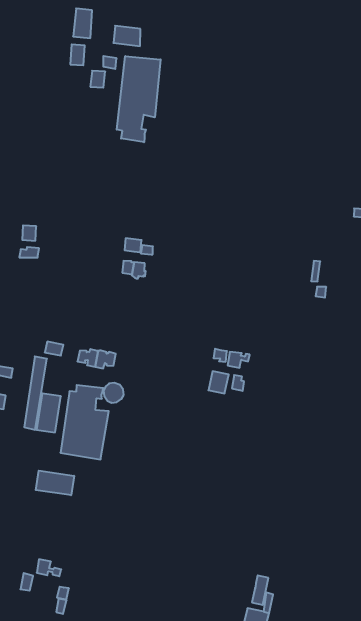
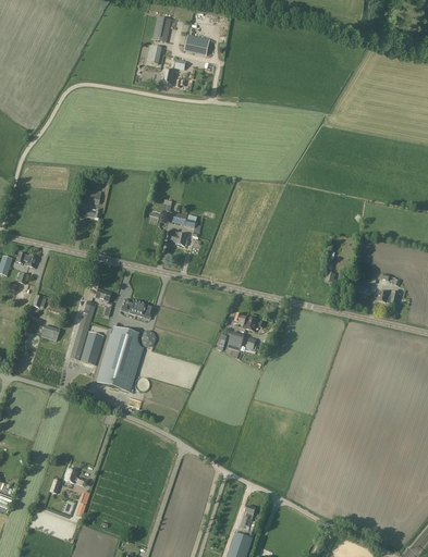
building: [117,56,161,142] -> none
building: [36,471,74,495] -> none

